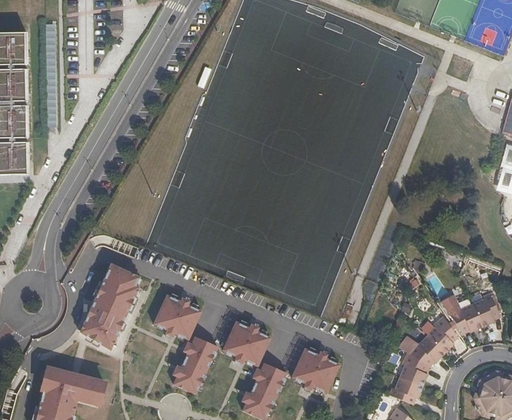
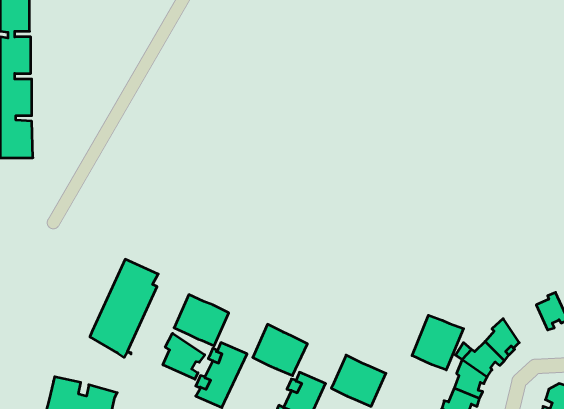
building: [447,304,481,334] -> none
building: none -> [412,315,464,370]
building: none -> [163,333,205,379]

